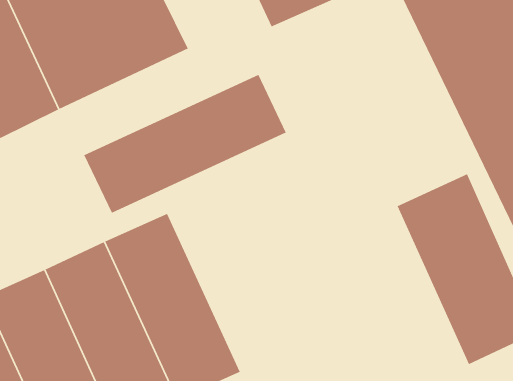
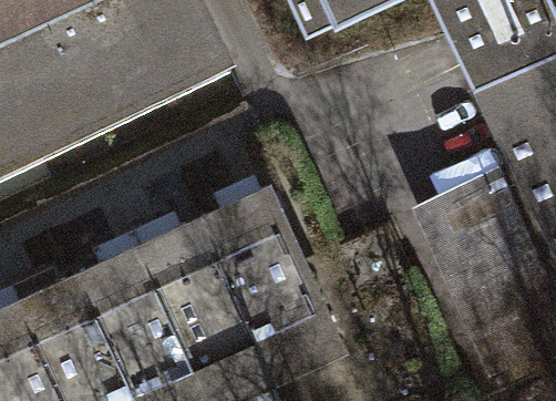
building: [83,74,287,214] -> none
building: none -> [205,186,339,371]

